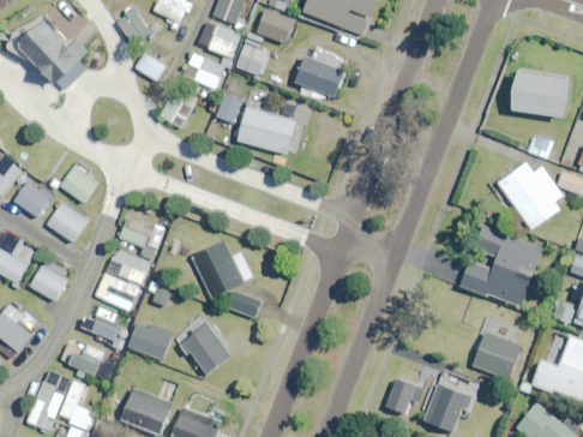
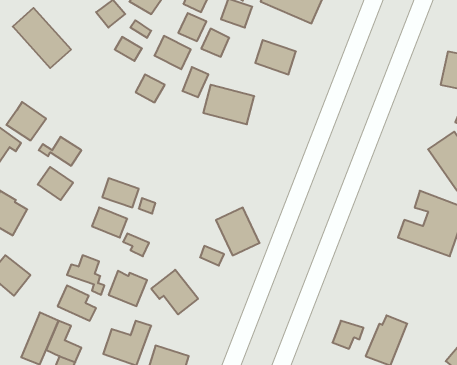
building: [8,175,54,220] -> [6,102,46,140]
building: [193,243,244,298] -> [216,208,260,255]
building: [30,265,66,300] -> none
building: [95,274,137,311] -> none
building: [467,317,521,378] -> none

